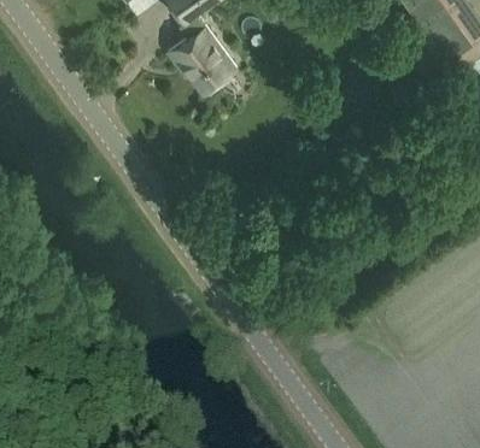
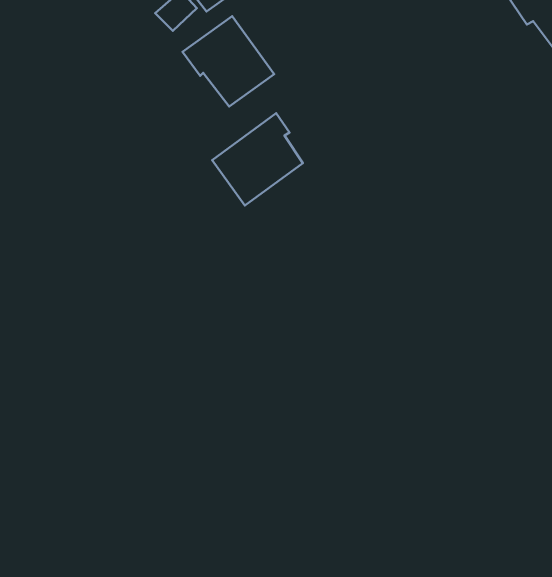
building: none -> [212,113,303,205]

